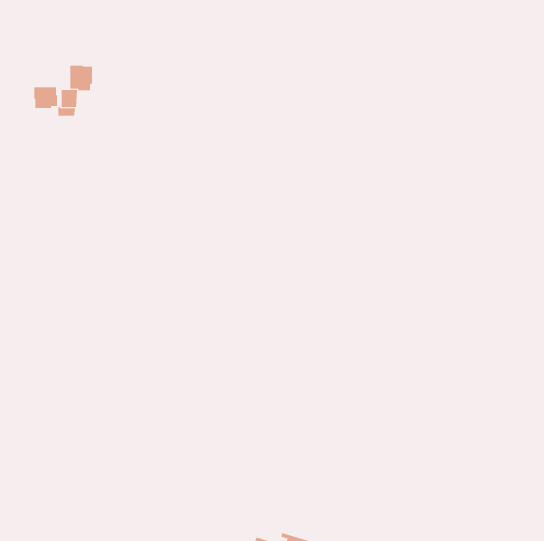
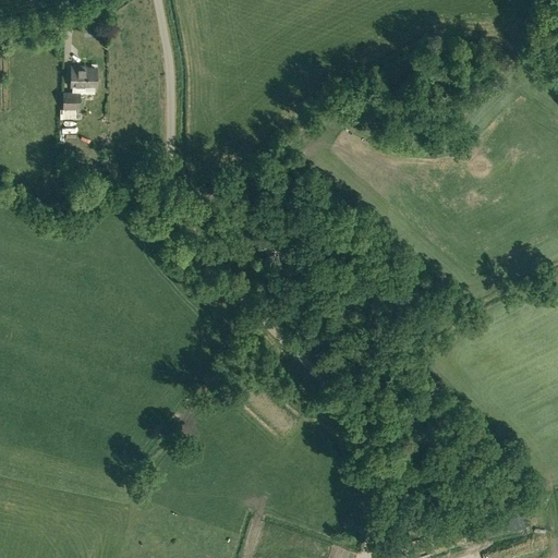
building: [34,86,58,109] -> none

